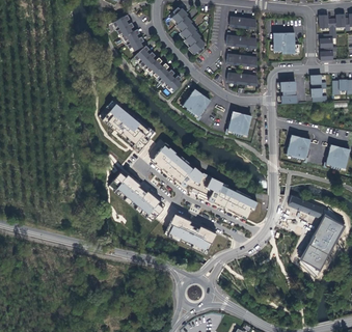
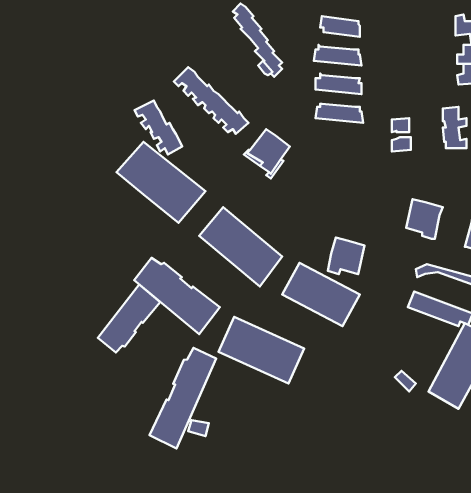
building: [113,17,144,52] -> [135,101,182,155]
building: [271,32,299,53] -> none
building: [227,111,251,135] -> [328,238,364,274]
building: none -> [98,284,160,352]
building: none -> [150,348,216,448]

